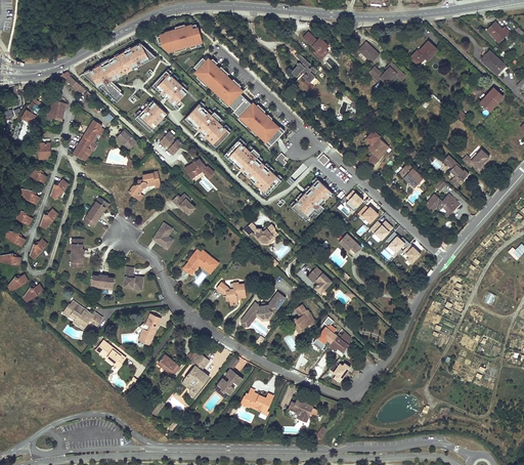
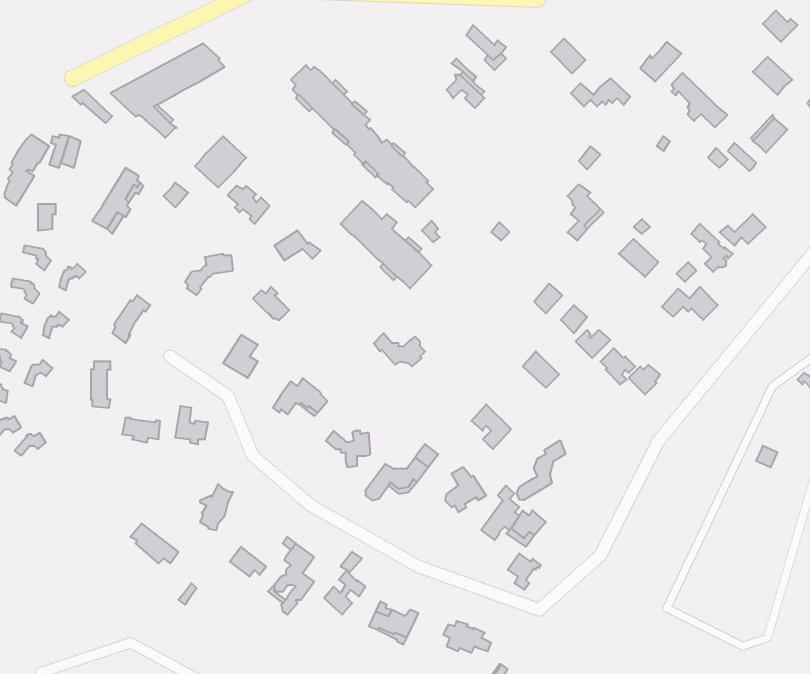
building: [160,24,203,51] -> none
building: none -> [671,73,727,127]
building: [152,71,188,105] -> none
building: [185,103,230,146] -> none
building: [292,178,333,220] -> none
building: none -> [517,440,565,500]
building: [61,301,98,328] -> none

